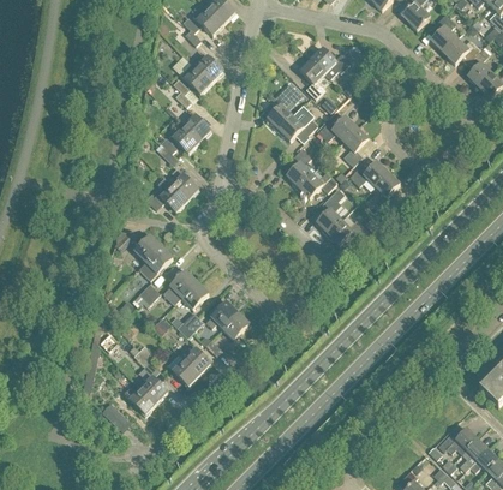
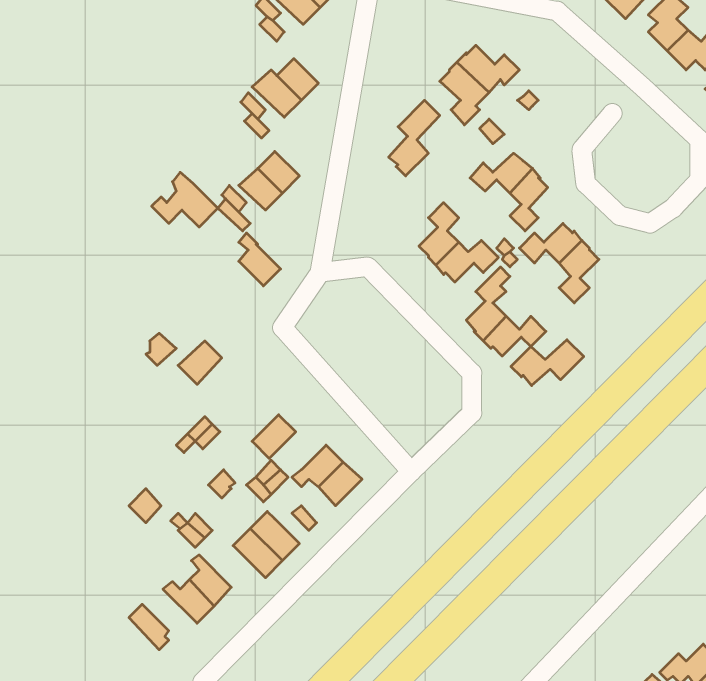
building: [277,107,317,139] -> none
building: [145,177,187,211] -> [152,172,218,227]
building: none -> [511,340,584,386]
building: [138,245,172,280] -> none
building: [163,269,197,304] -> none

